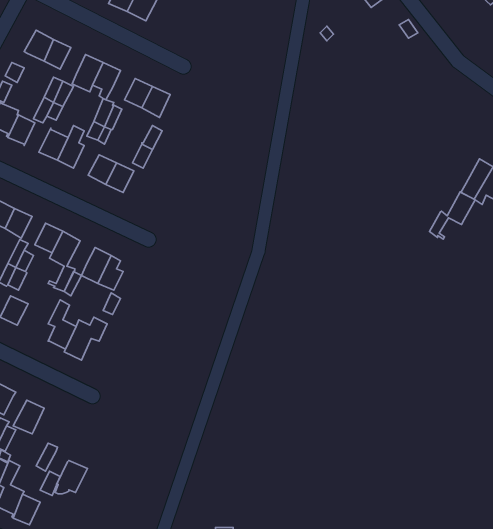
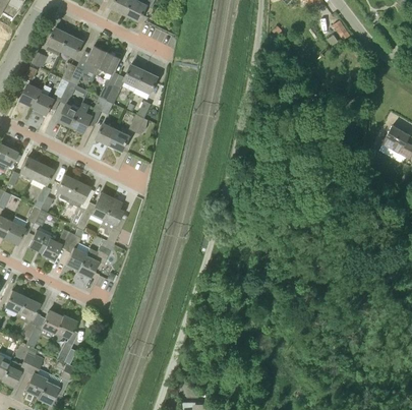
building: [430,192,475,239] -> none
building: none -> [41,230,74,261]
building: [55,460,87,494] -> [53,314,77,340]

